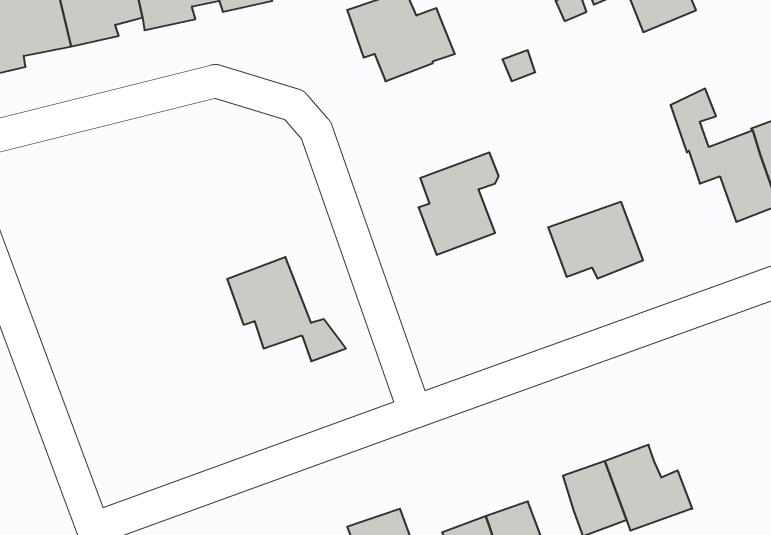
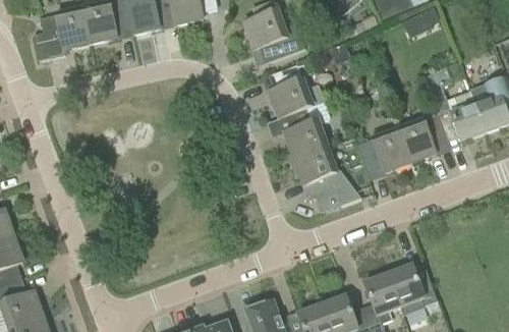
building: none -> [269,64,324,118]
building: none -> [397,101,448,162]
building: [227,257,346,361] -> [294,147,360,205]

